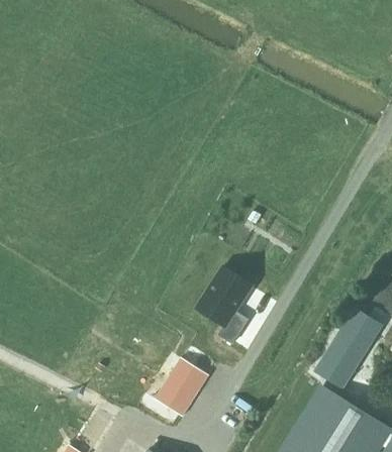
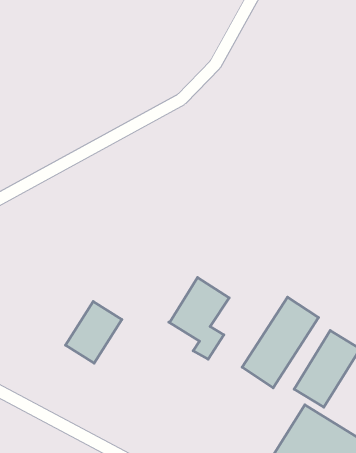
building: none -> [242,297,318,388]
building: [155,358,208,417] -> [65,302,122,363]

